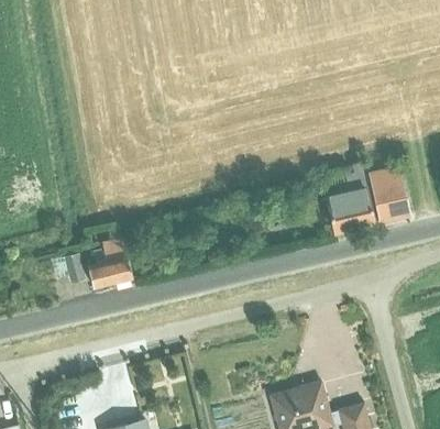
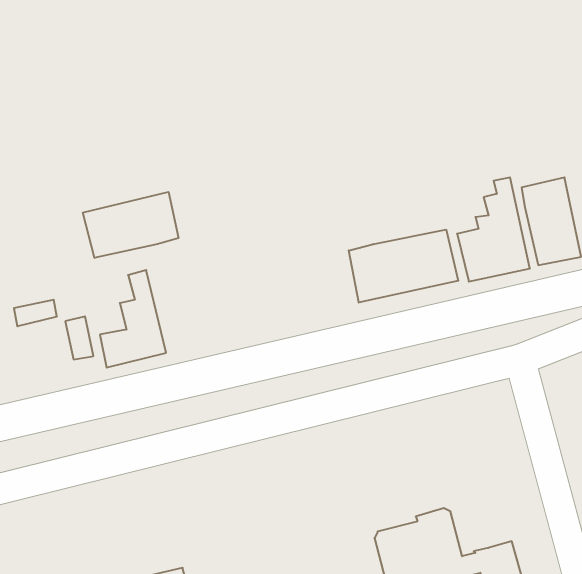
building: none -> [83,192,178,258]
building: none -> [349,230,458,303]

